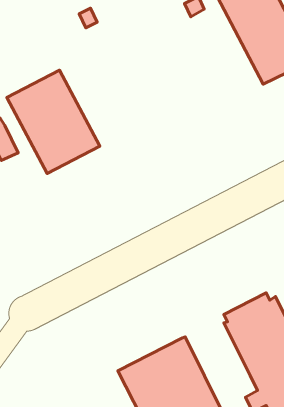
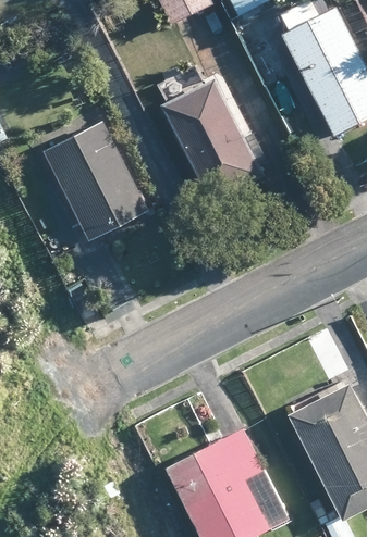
building: none -> [160,77,266,203]

